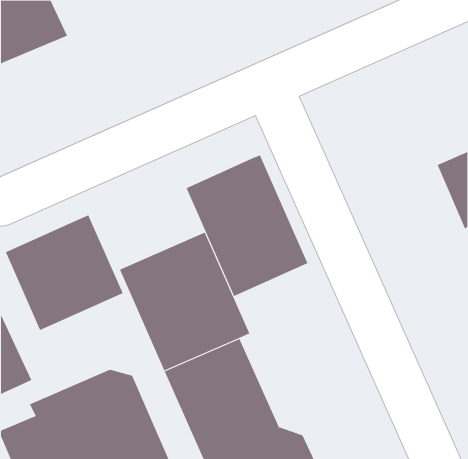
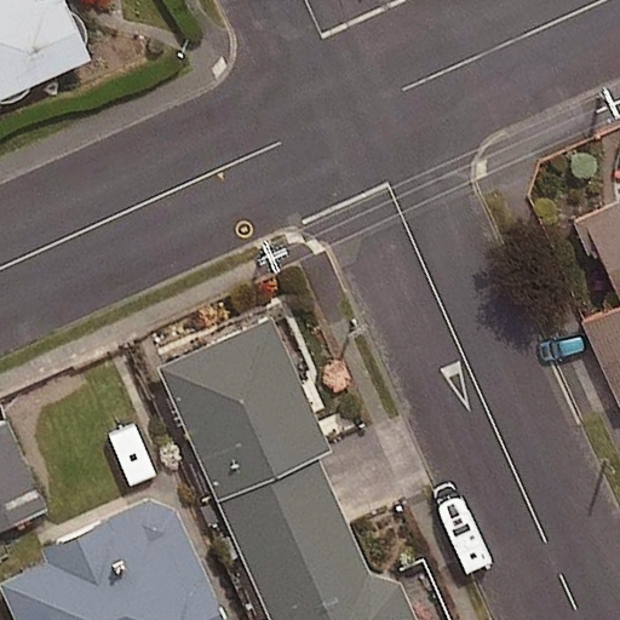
building: [186,154,308,297] -> none
building: [5,215,123,331] -> none

